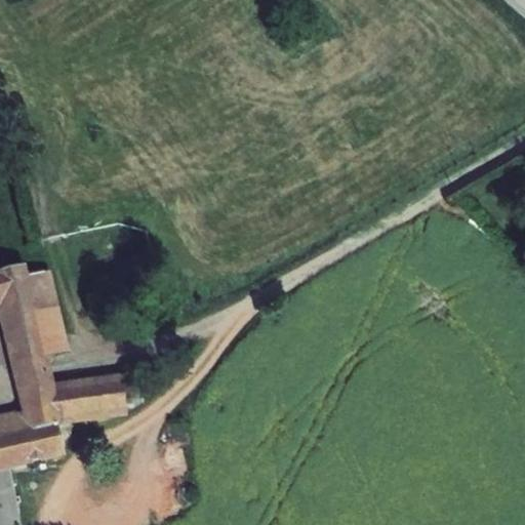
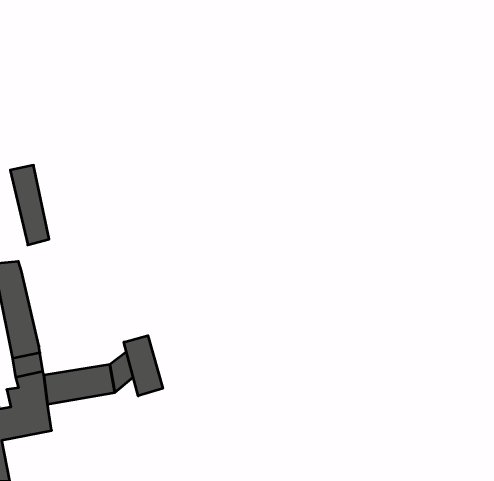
building: [23,281,64,365] -> [10,165,49,245]
building: none -> [124,336,163,396]

